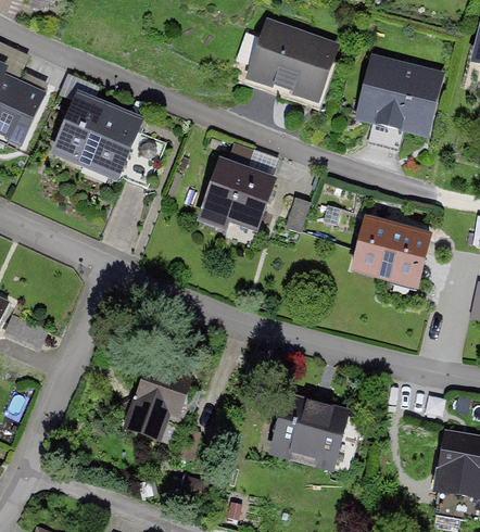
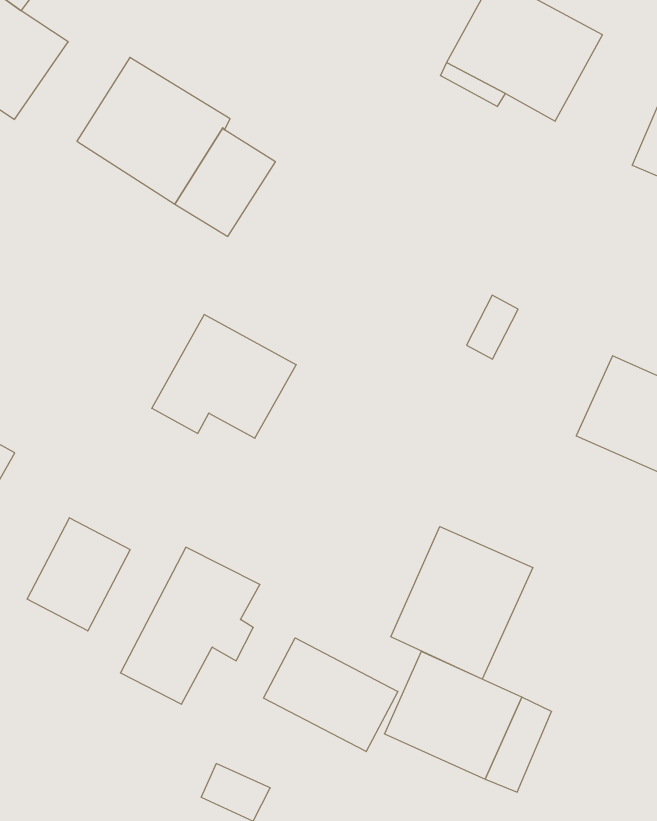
building: [199,161,274,226] -> [152,315,296,438]
building: none -> [391,527,533,679]
building: none -> [27,518,130,631]
building: none -> [263,638,398,752]

